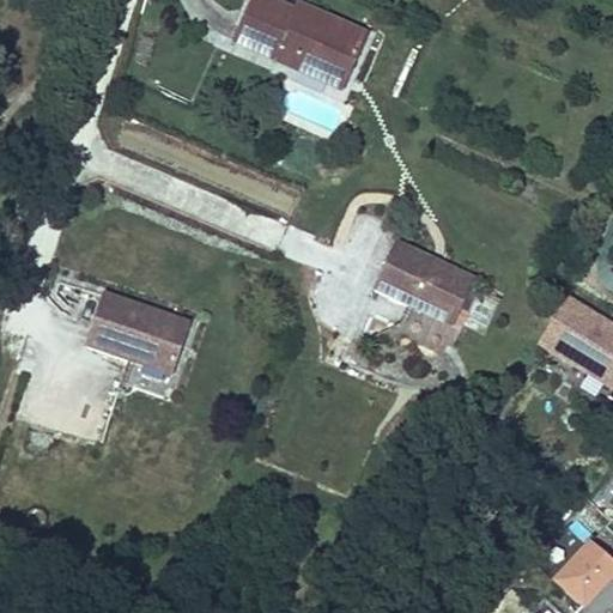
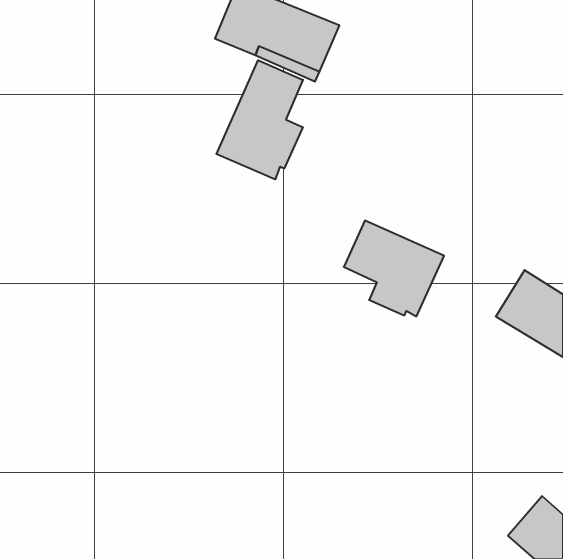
building: none -> [216,60,303,179]
building: [102,287,205,366] -> none

